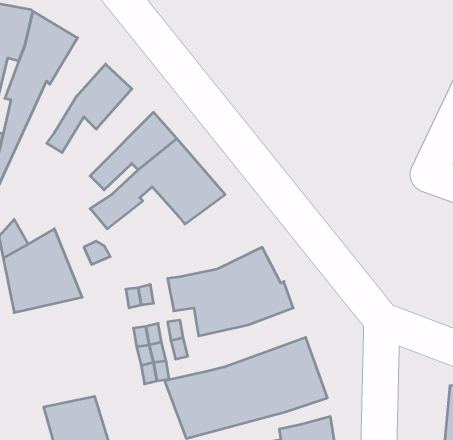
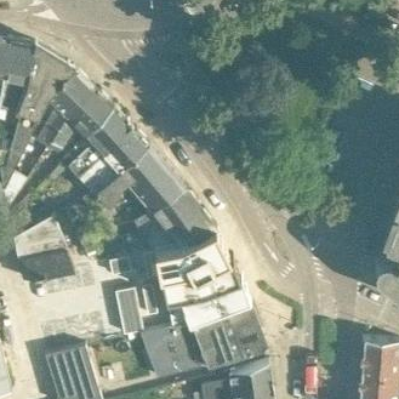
building: none -> [35,67,93,149]
building: none -> [72,107,131,175]
building: none -> [135,189,216,253]
building: none -> [166,277,250,327]

